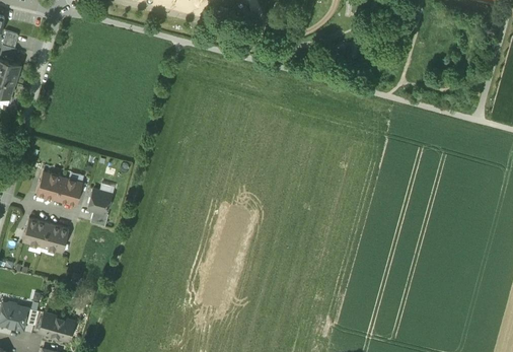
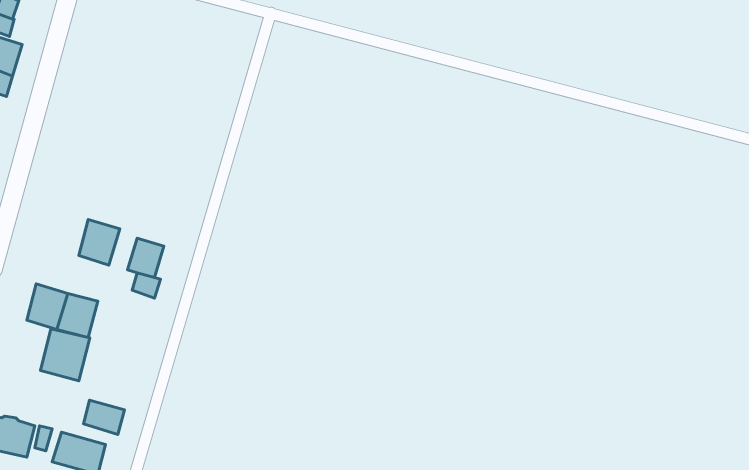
building: [35,170,62,200] -> none
building: none -> [40,329,90,381]
building: none -> [83,400,125,434]

